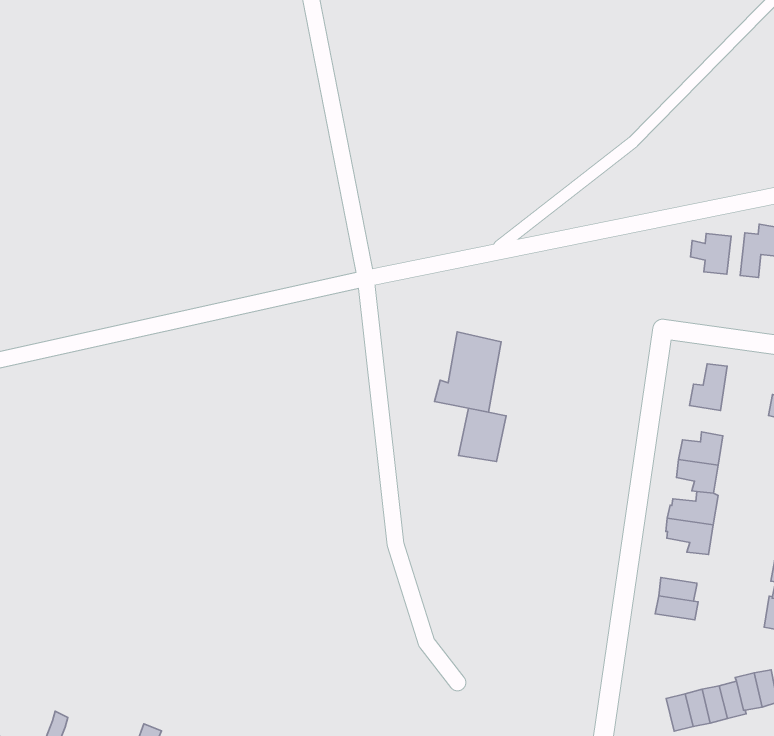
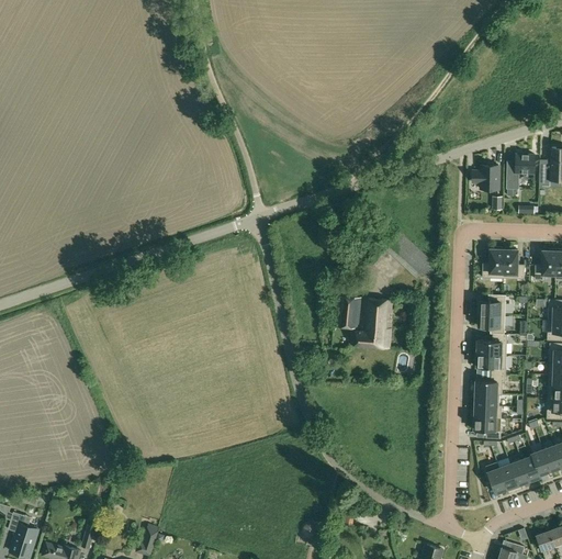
building: [435,332,501,412] -> [353,298,393,348]
building: none -> [503,249,525,279]
building: none -> [475,374,505,395]
building: none -> [474,417,501,438]

